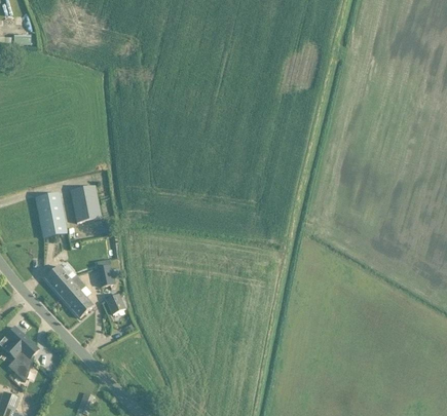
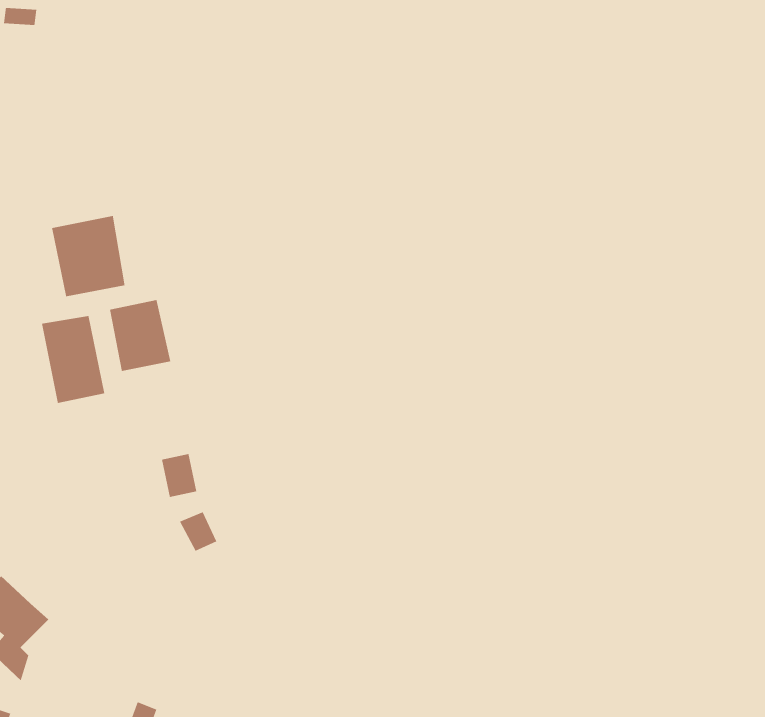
building: none -> [51,215,125,297]
building: [44,265,92,317] -> none

